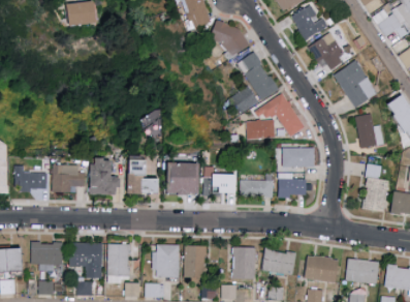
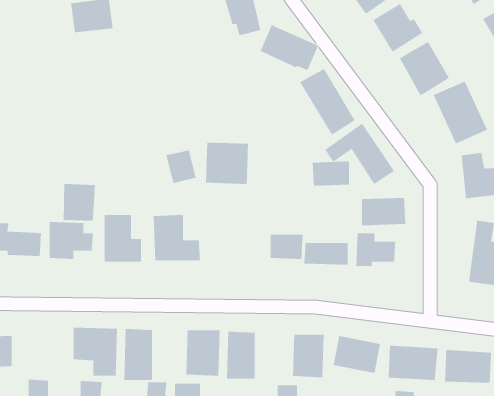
building: [231,86,258,113] -> none
building: none -> [63,183,95,222]
building: [170,162,202,193] -> [205,142,249,184]
building: [31,242,63,271] -> none

